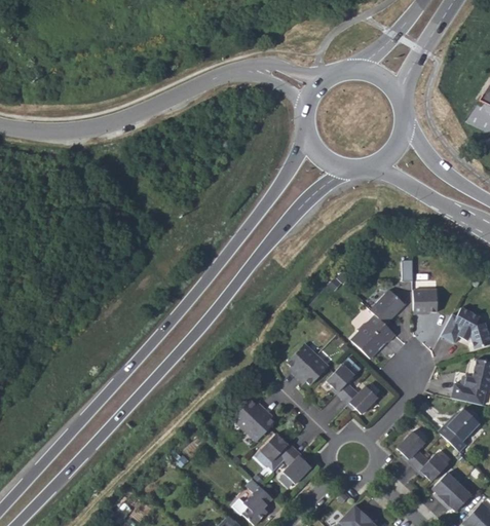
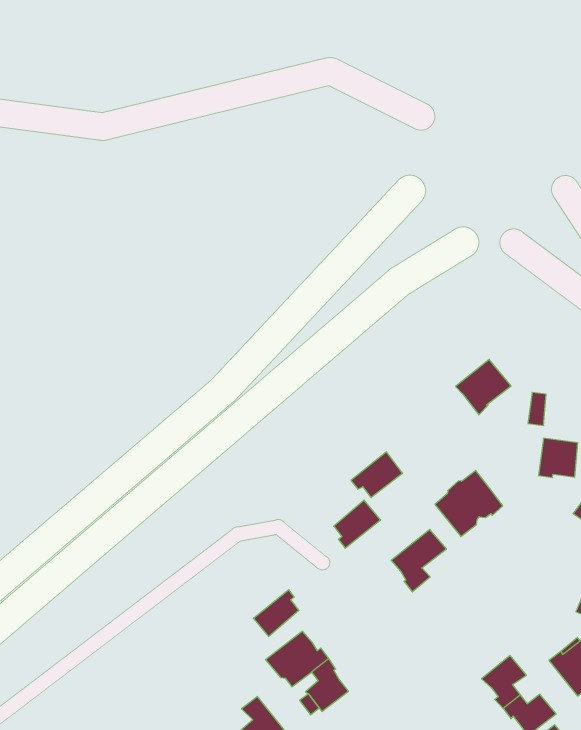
building: [370,290,406,327] -> [456,359,511,415]
building: [297,354,330,385] -> [351,452,403,497]
building: [344,385,379,414] -> none
building: [233,400,264,429] -> none

